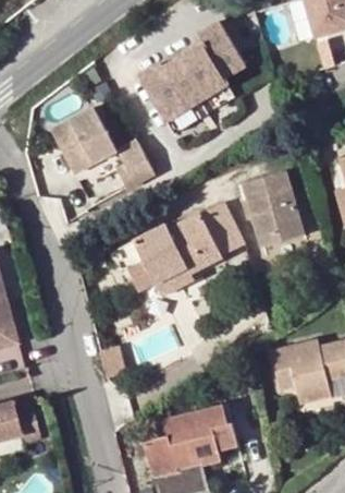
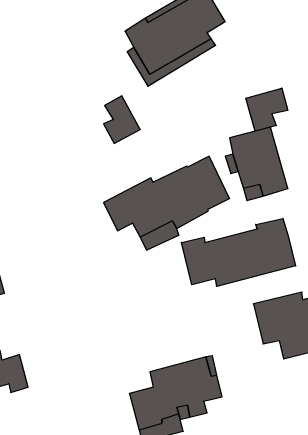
building: [54,109,120,175] -> none
building: none -> [246,88,288,131]
building: none -> [181,218,296,286]

